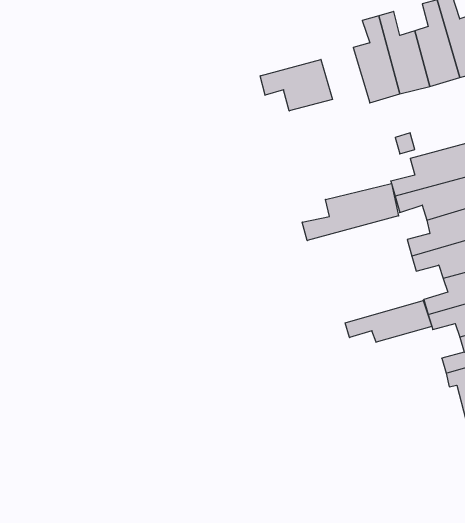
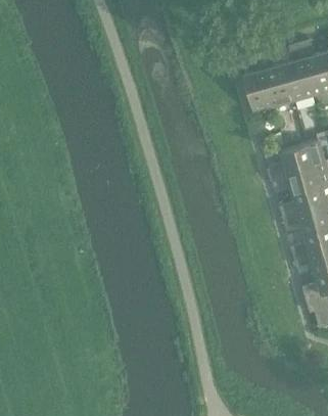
building: [260,59,332,111] -> none
building: [302,183,399,241] -> none
building: [345,300,432,342] -> none

